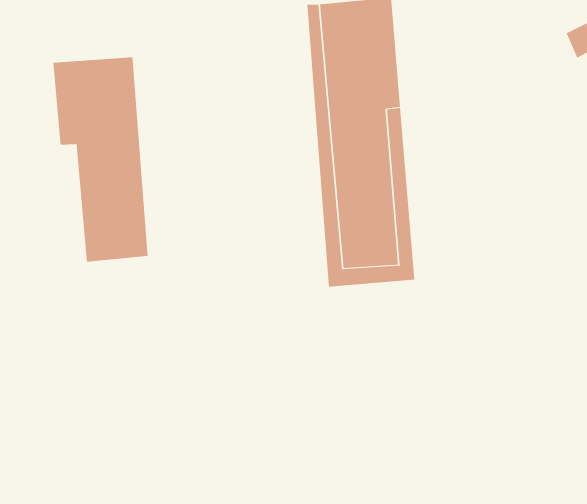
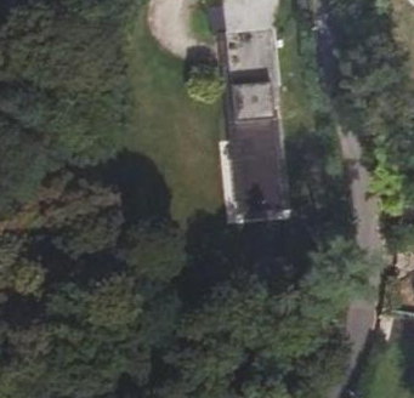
building: [53,57,148,262] -> none

